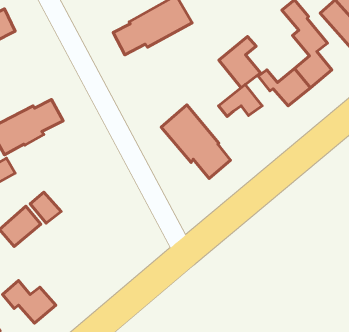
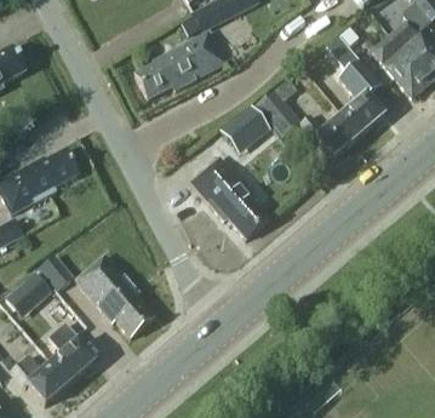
building: [219,85,262,117] -> [221,104,270,141]
building: none -> [74,254,153,337]
building: none -> [47,323,93,383]

